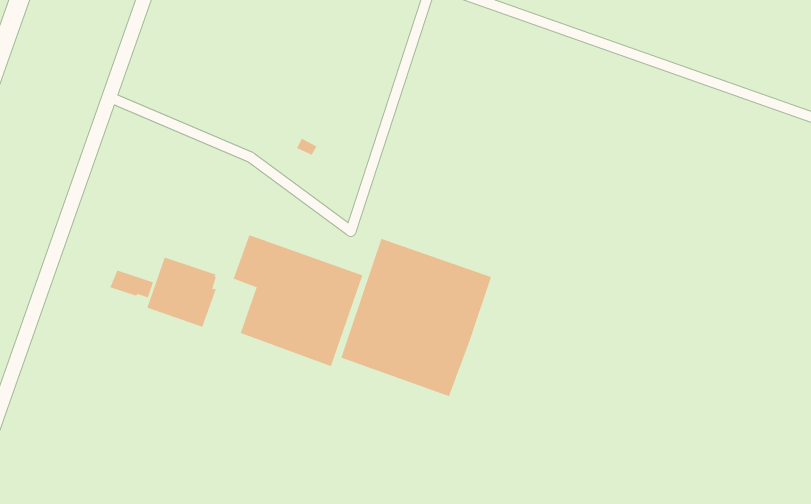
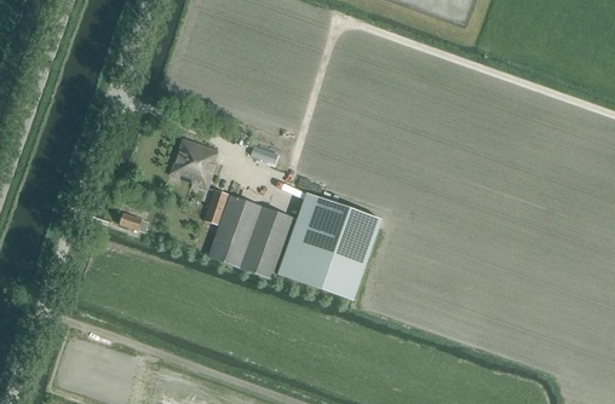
building: [146,257,217,327] -> [171,139,219,187]

